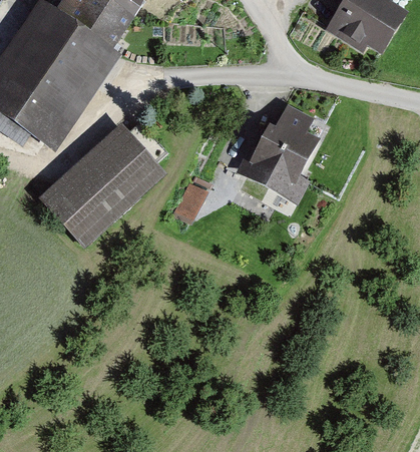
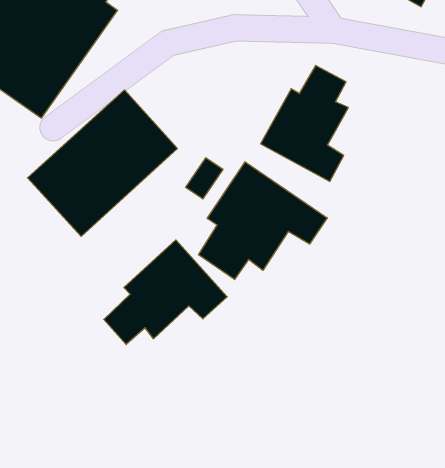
building: none -> [199,162,327,280]
building: none -> [104,240,227,345]

